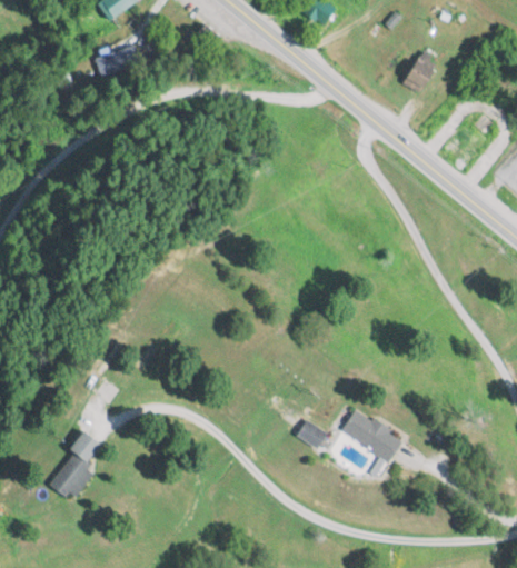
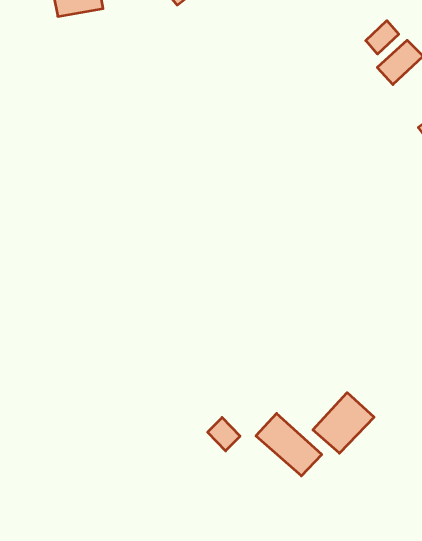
building: none -> [366,21,399,54]
building: none -> [313,393,374,453]

